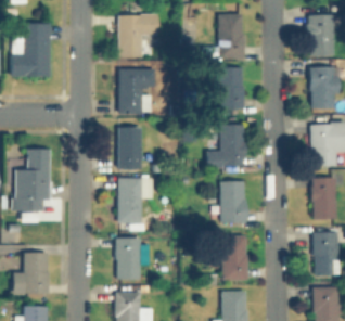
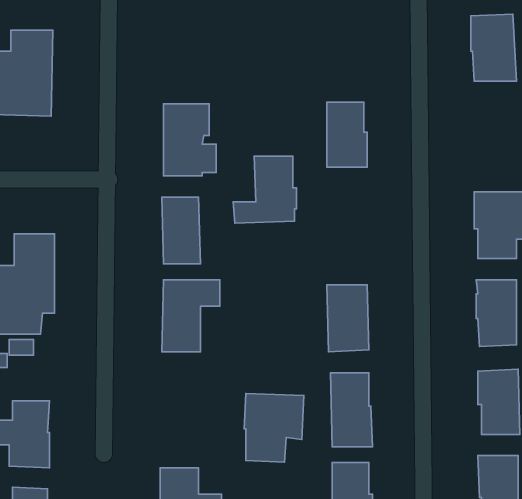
building: [118,14,157,53] -> none
building: [218,14,243,59] -> none
building: [309,60,335,108] -> none
building: [207,125,246,166] -> [233,156,296,223]
building: [115,237,152,280] -> [244,394,304,462]

